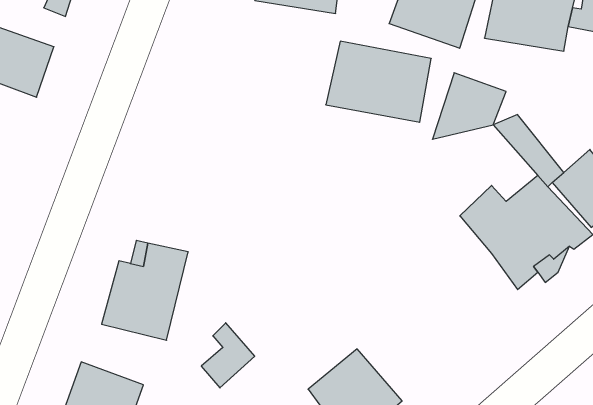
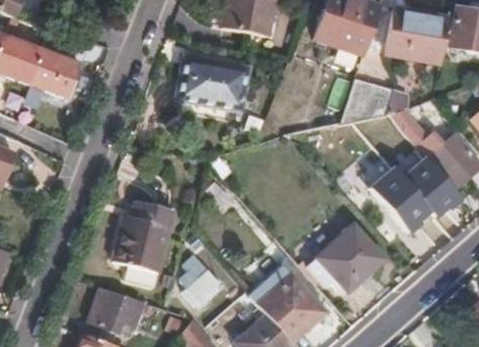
building: [326,41,431,122] -> [172,57,246,114]
building: none -> [317,224,385,292]

